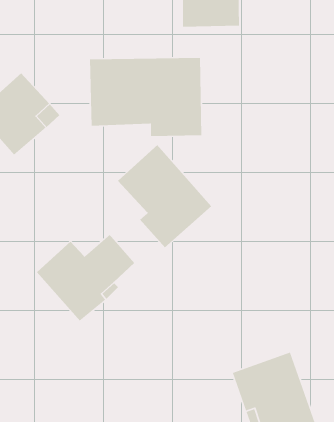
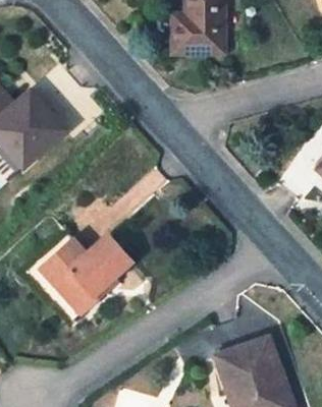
building: [89,57,202,137] -> none
building: [117,144,212,248] -> none

